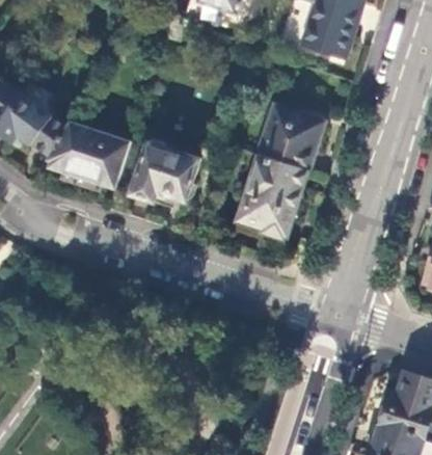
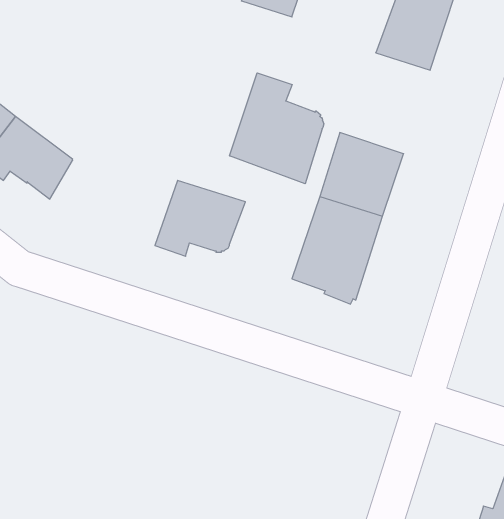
building: none -> [230,73,324,184]
building: [46,122,130,184] -> none

